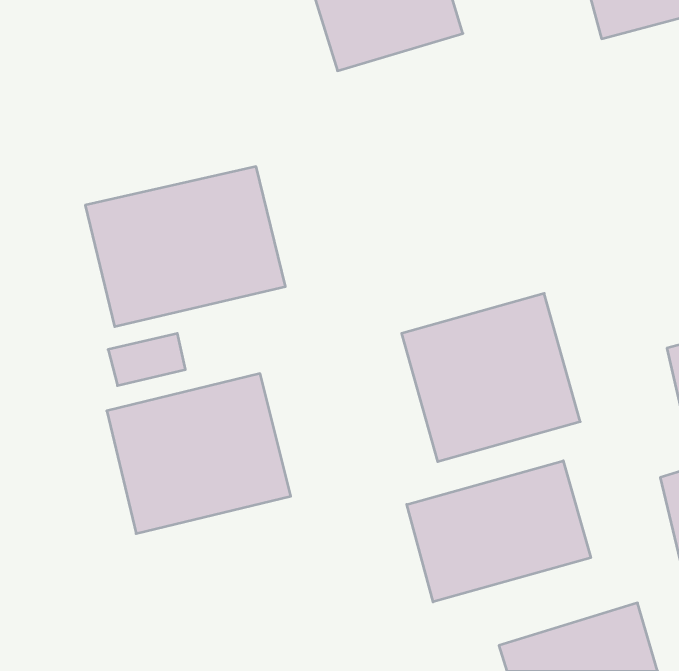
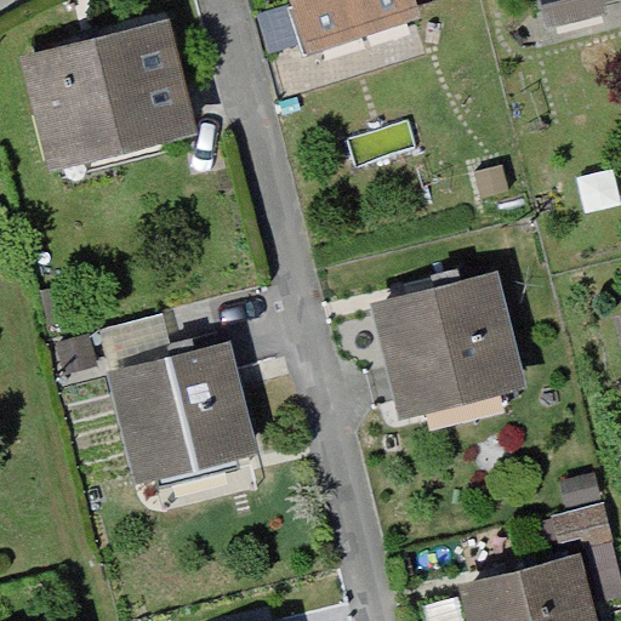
building: [85,167,285,327] -> [18,27,200,172]
building: [407,461,591,602] -> none

